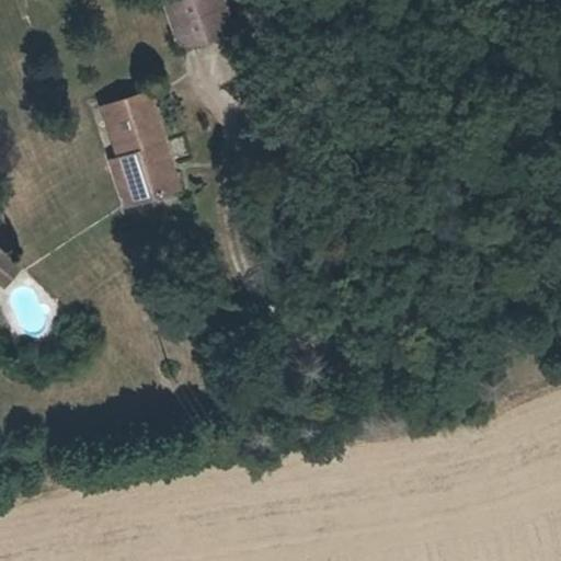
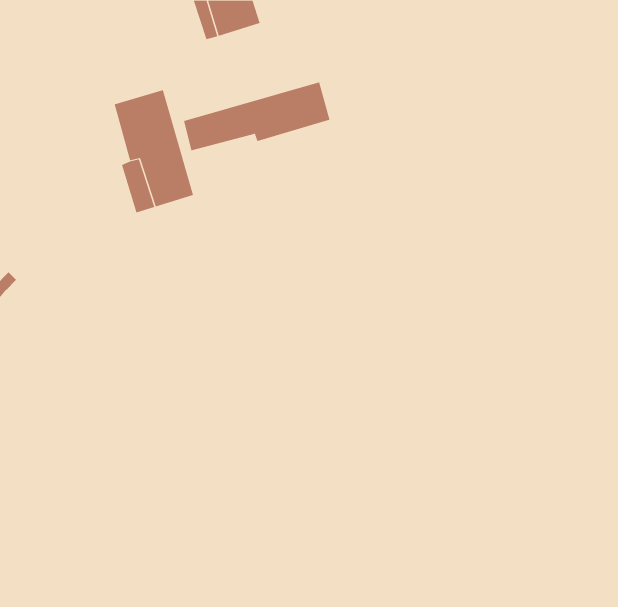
building: none -> [183,81,330,151]

